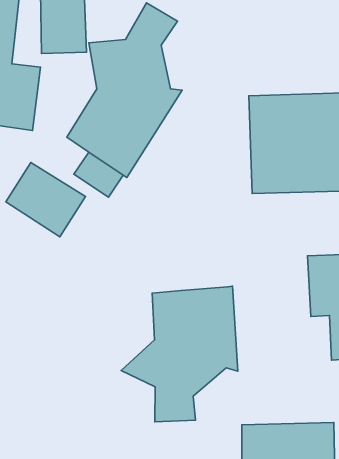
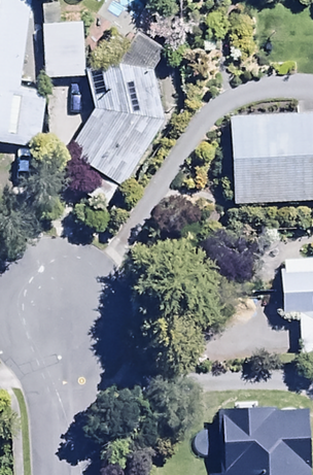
building: [6,163,85,237] -> none
building: [121,286,238,422] -> none

